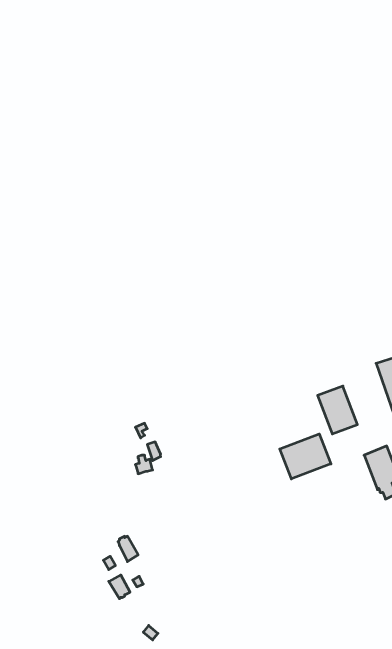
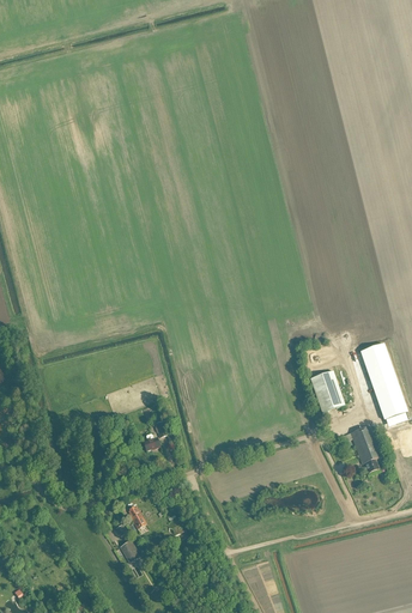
building: [280,434,331,479] -> none

